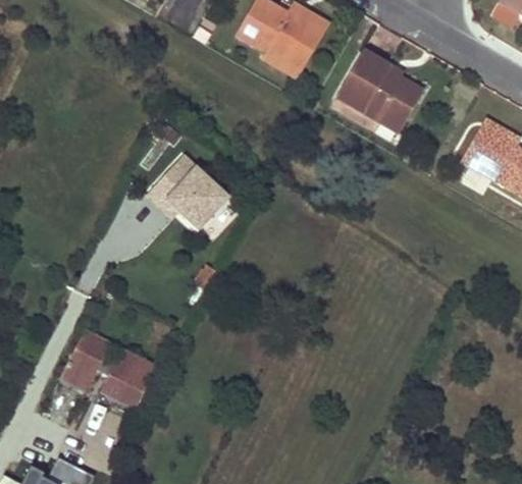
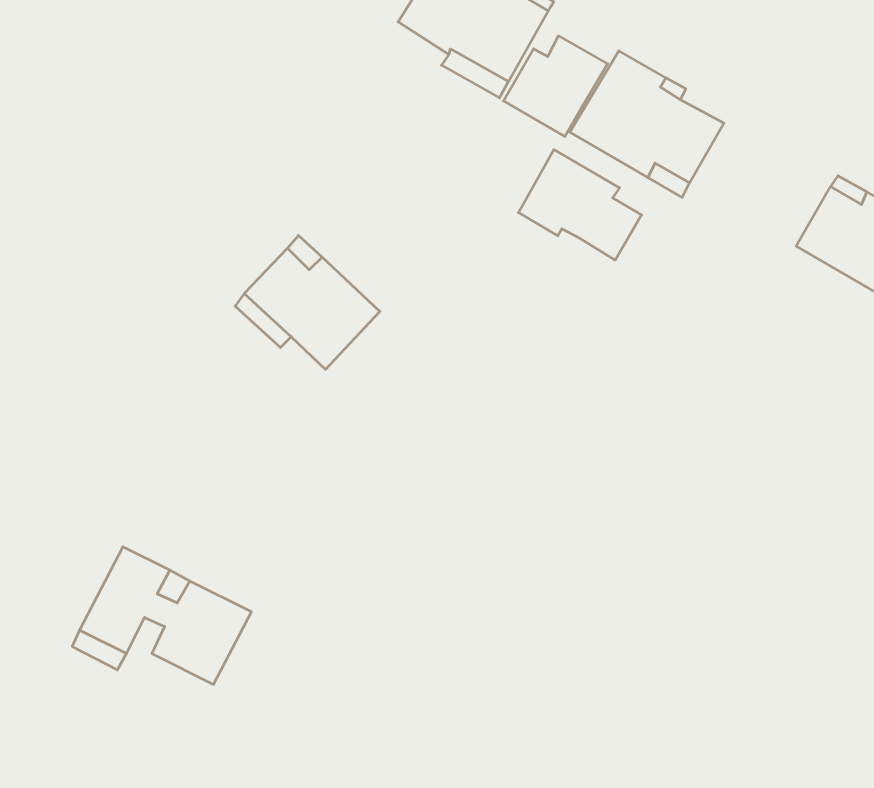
building: none -> [503,36,608,137]
building: none -> [518,150,642,260]

